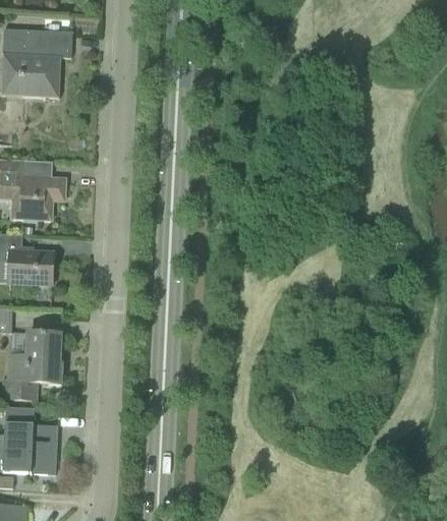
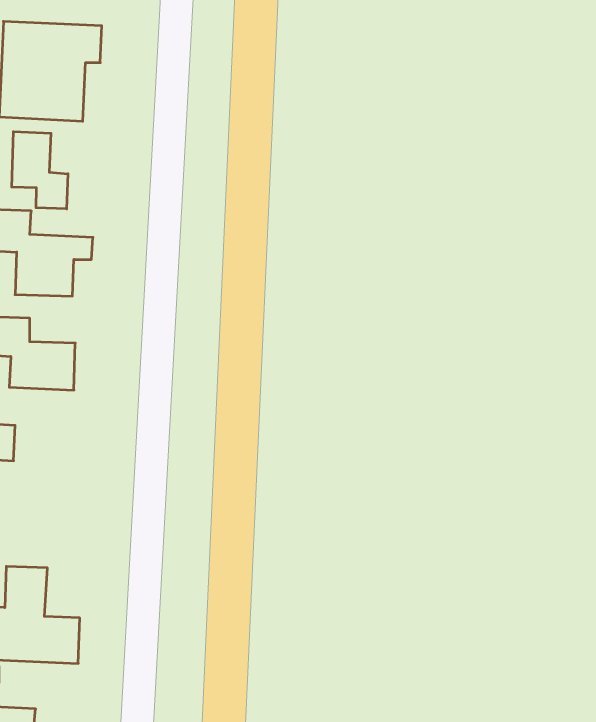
building: none -> [12,132,68,209]
building: [8,333,61,400] -> none

